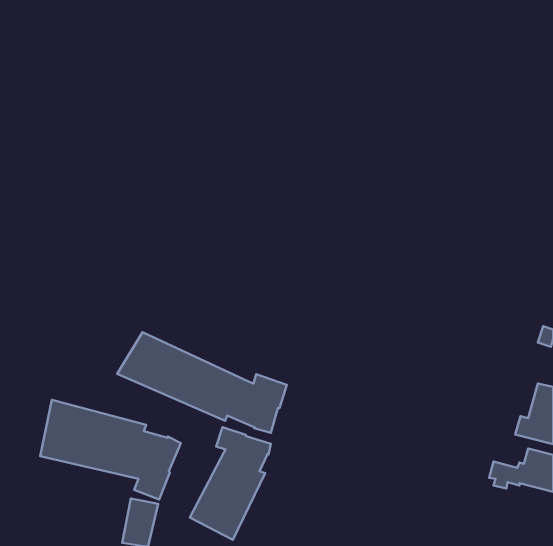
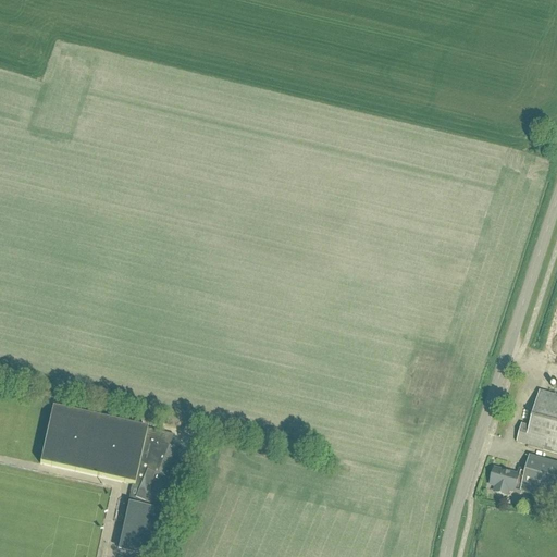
building: [117,332,287,433] -> none
building: [190,427,271,540] -> none

